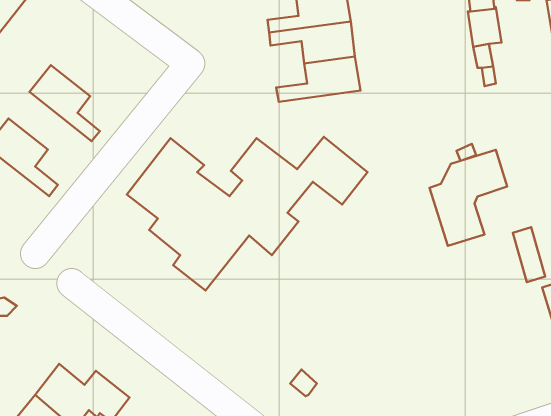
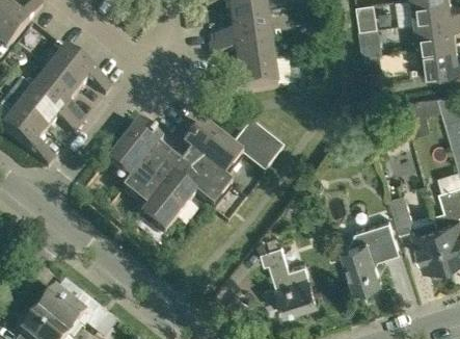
building: none -> [50,47,112,90]
building: none -> [19,86,80,130]
building: [430,150,507,246] -> [341,217,398,288]
building: none -> [261,242,317,311]

